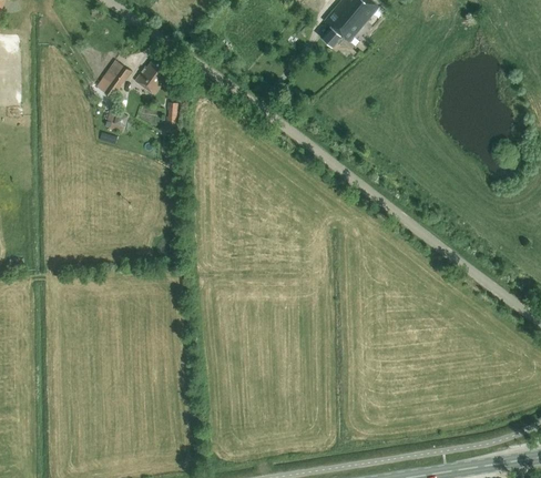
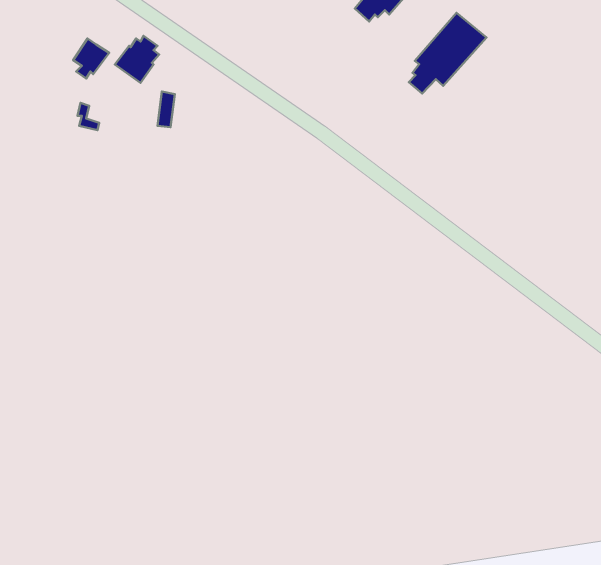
building: none -> [409,13,487,94]

